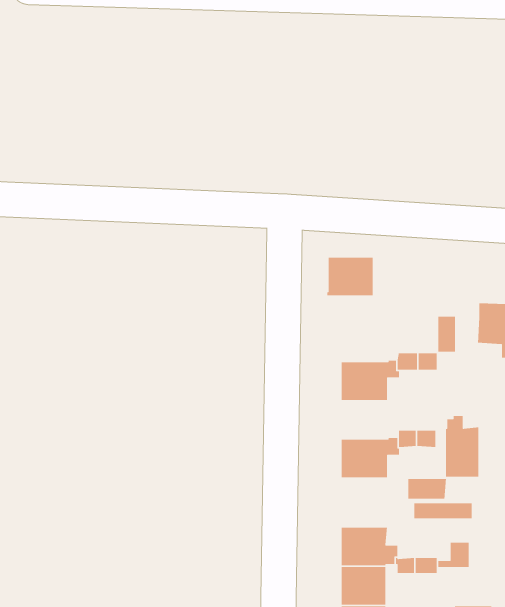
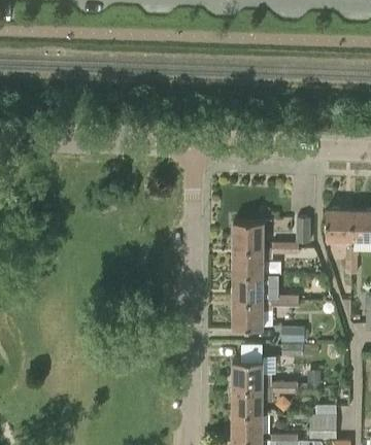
building: [326,257,373,296] -> [233,220,265,247]
building: none -> [233,274,265,300]
building: [445,415,479,477] -> none

